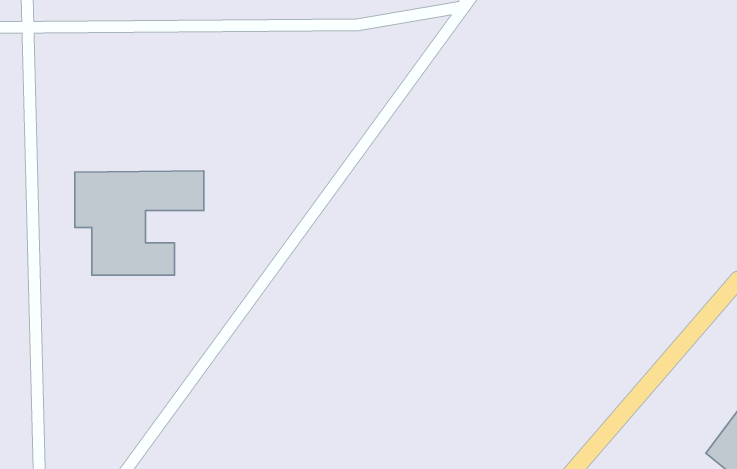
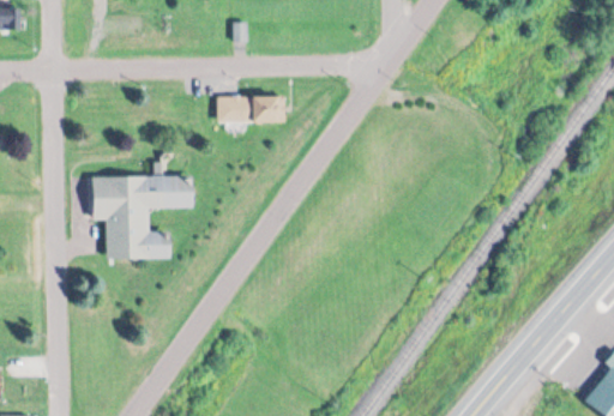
building: none -> [217,96,282,122]

